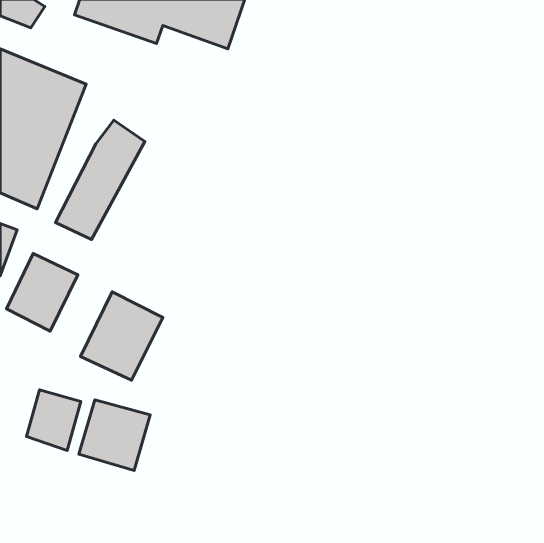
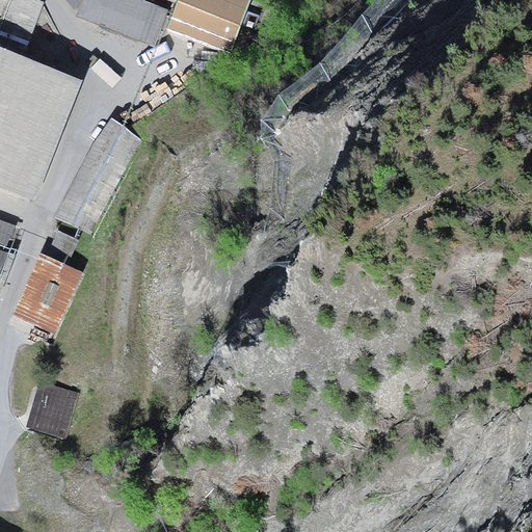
building: [80,292,163,380] -> none
building: [79,400,150,470] -> none

